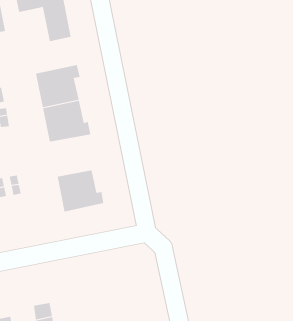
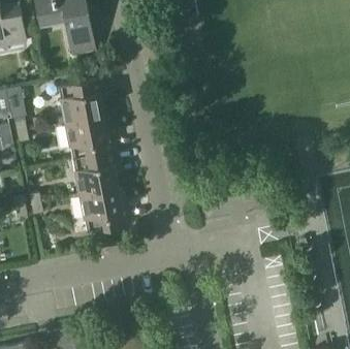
building: none -> [71,151,118,195]

